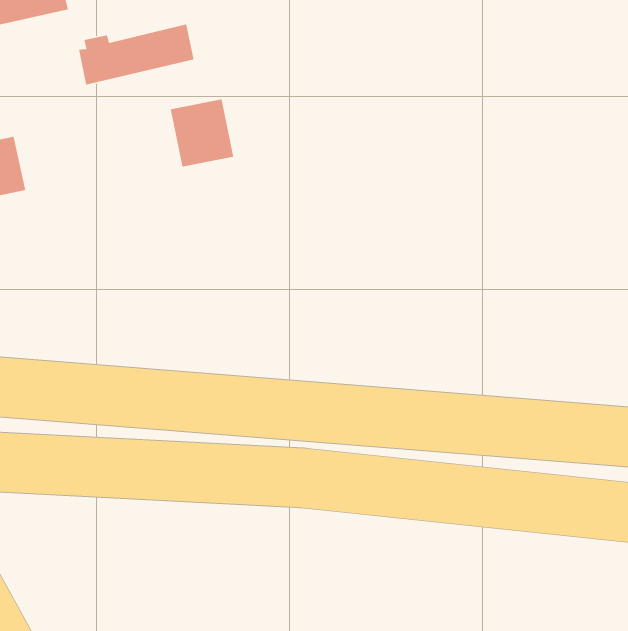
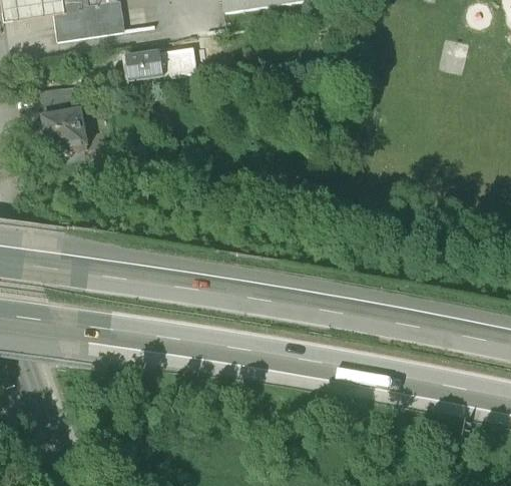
building: [170,99,234,167] -> none

